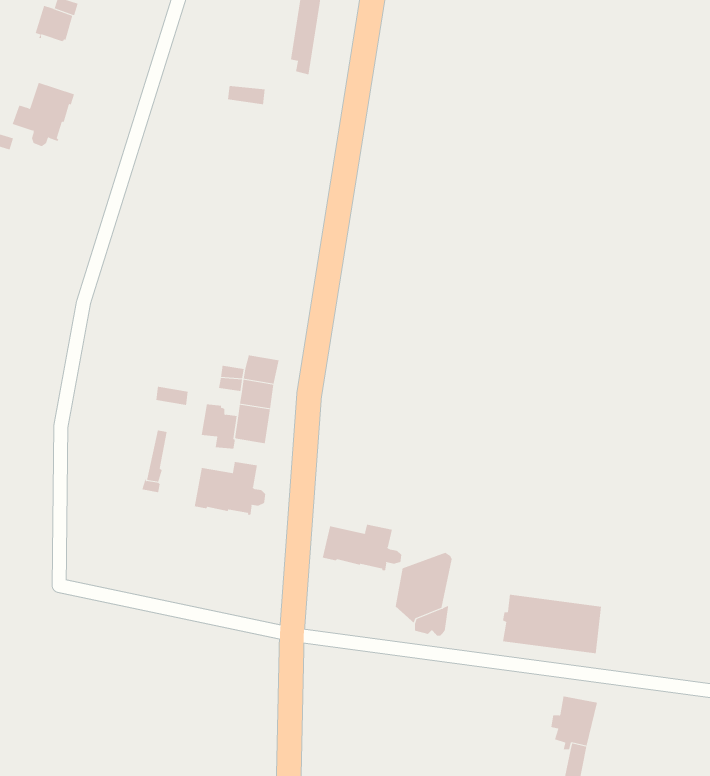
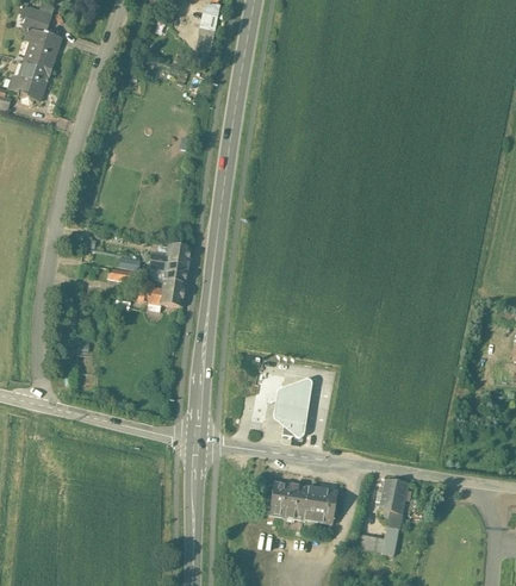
building: none -> [26,26,62,67]
building: [194,461,266,516] -> none
building: [322,524,402,571] -> none
building: [502,594,602,654] -> [269,480,337,520]

